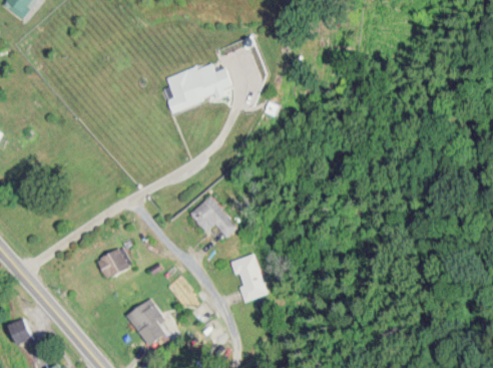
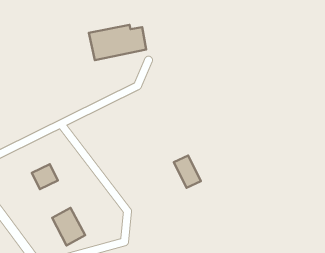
building: [189,200,226,235] -> none
building: [234,261,271,301] -> [174,155,201,188]

